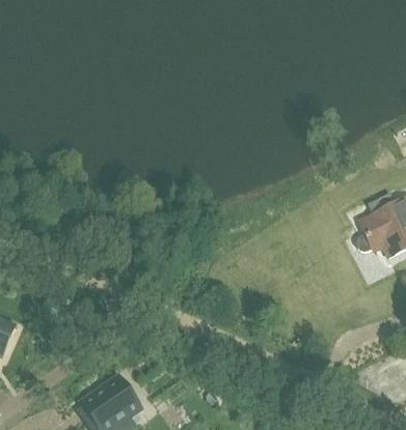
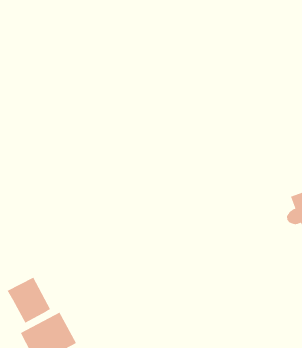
building: none -> [7,277,51,324]

